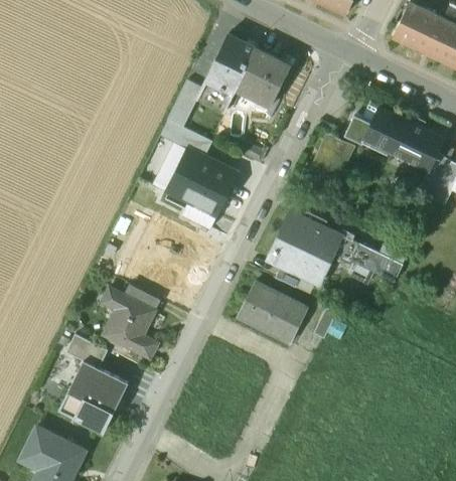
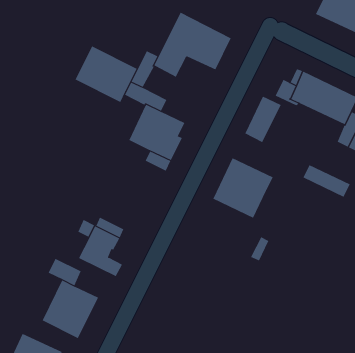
building: none -> [75,46,138,103]
building: [334,235,393,276] -> [303,164,350,197]
building: [238,282,308,344] -> none

